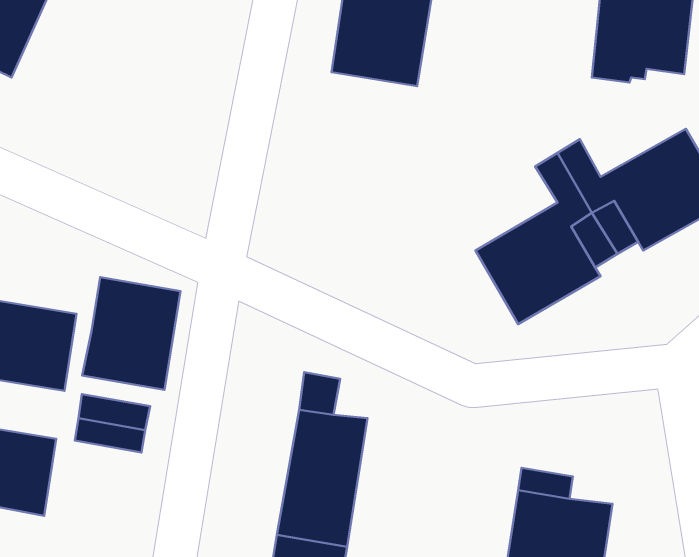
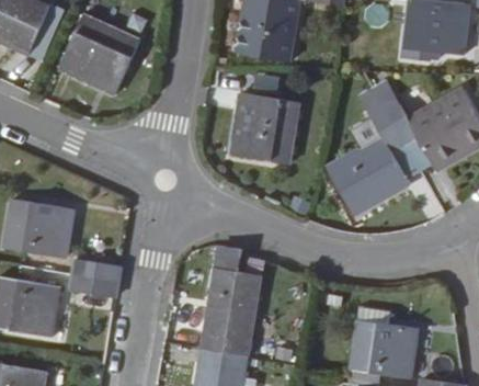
building: none -> [60,15,142,94]
building: none -> [230,93,298,166]
building: [82,277,181,390] -> none

